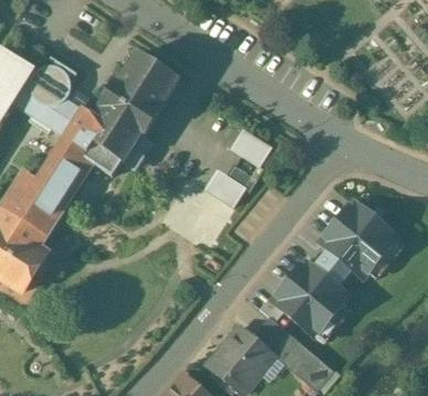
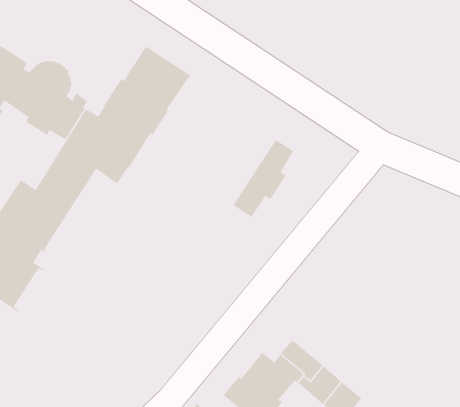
building: [271,201,398,336] -> none

